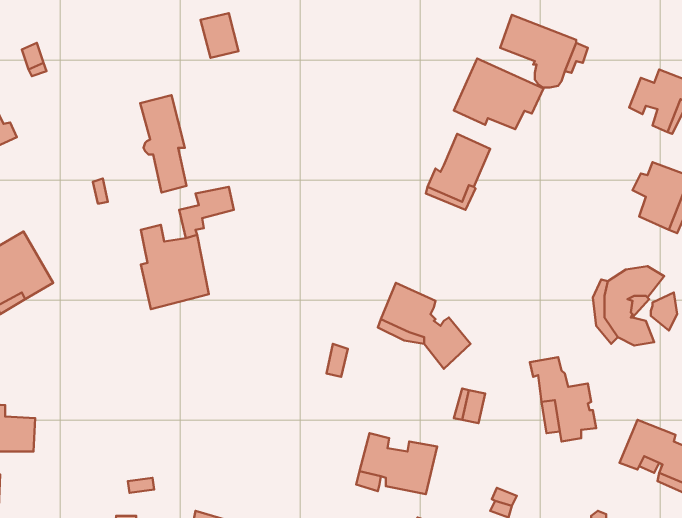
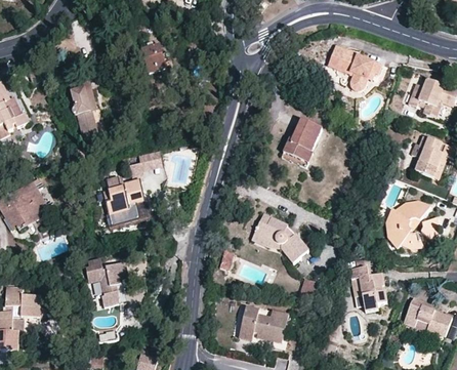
building: [454,59,544,129] -> none
building: [140,95,186,193] -> [69,77,97,137]
building: none -> [84,256,127,304]

